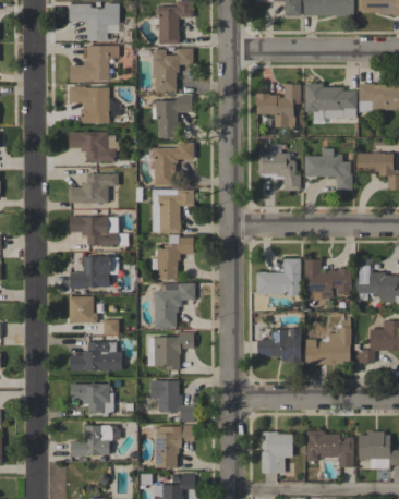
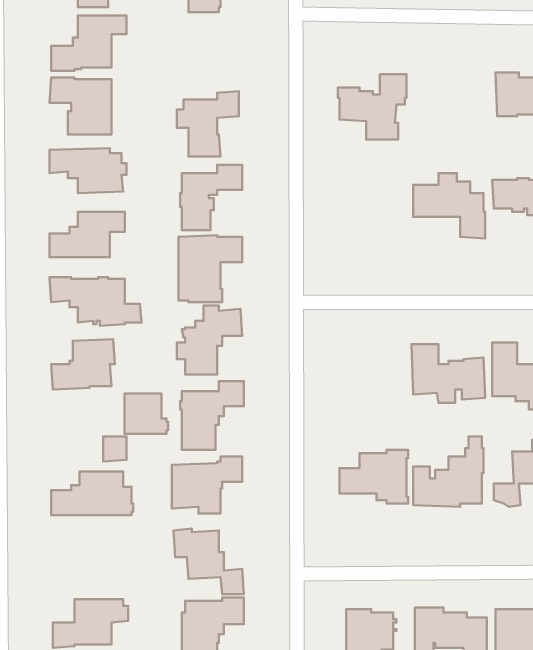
building: [153,48,193,90] -> none
building: [305,83,358,118] -> none
building: [258,144,301,191] -> none
building: [256,258,301,295] -> none
building: [70,296,98,322] -> [125,393,168,434]
building: [71,384,114,416] -> none

